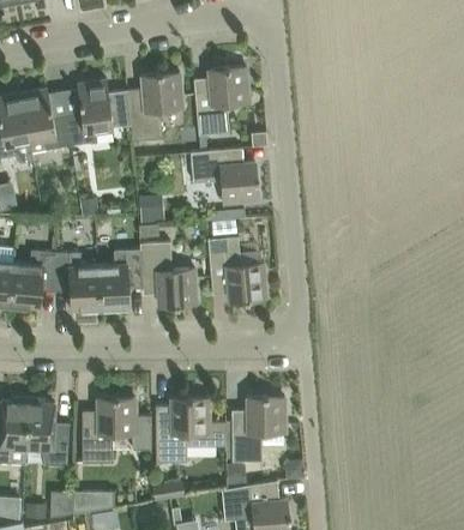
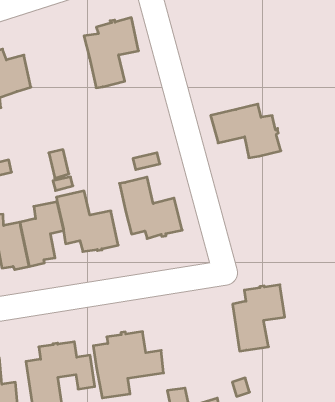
building: [127,73,182,156] -> none
building: [189,149,258,204] -> [211,104,281,158]
building: [231,397,284,462] -> [233,285,285,351]

